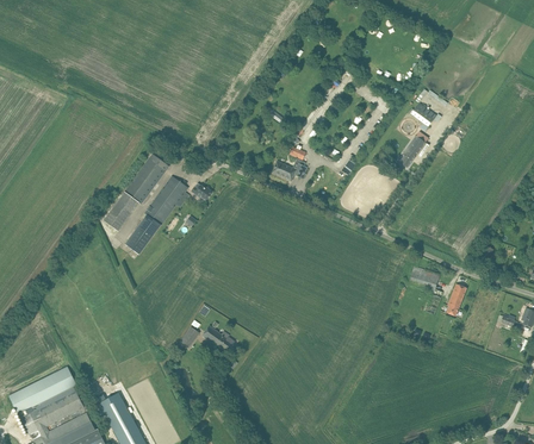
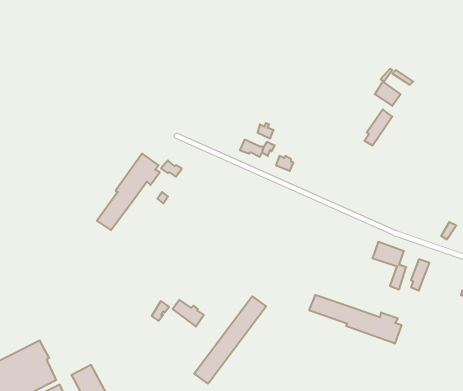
building: [104,154,169,231] -> none
building: none -> [309,295,401,344]
building: none -> [194,296,266,384]

